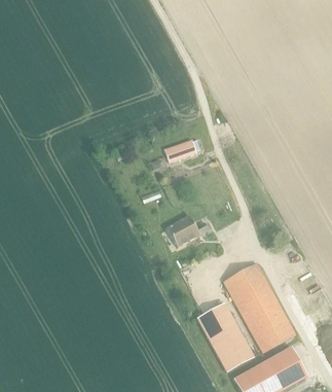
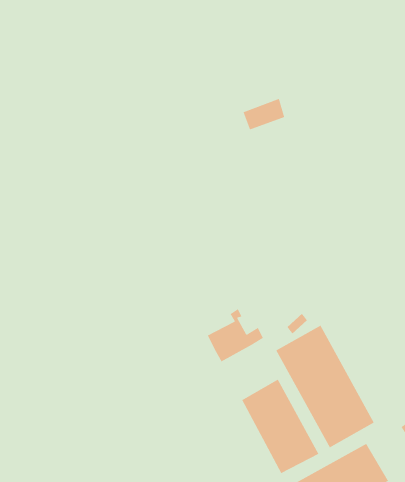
building: [164,139,195,163] -> [242,98,285,130]
building: [167,208,208,247] -> [207,308,264,362]

